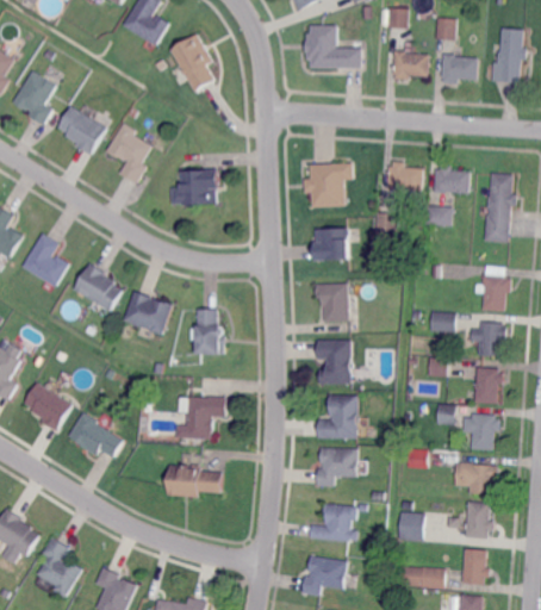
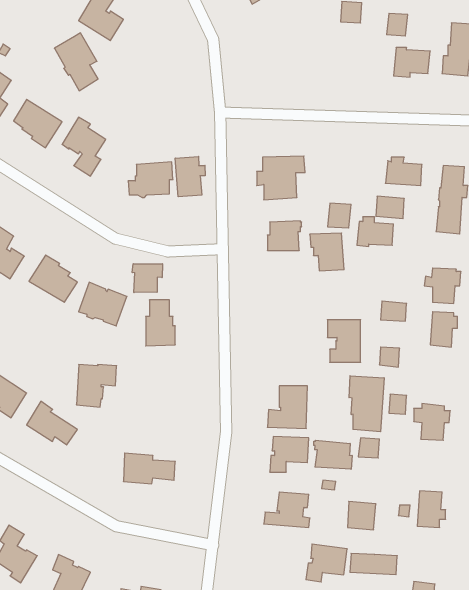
building: [303,25,359,69] -> none
building: [168,33,212,92] -> [54,33,98,91]
building: [393,50,430,79] -> none
building: [387,161,424,191] -> [357,217,393,246]
building: none -> [175,156,205,197]
building: none -> [132,264,162,293]
building: [312,284,347,322] -> [310,233,344,271]
building: [317,341,350,384] -> [327,320,361,362]
building: [474,367,503,403] -> none
building: none -> [349,376,384,432]
building: [186,397,226,440] -> [76,365,117,407]
building: none -> [314,440,352,469]
building: [455,461,493,494] -> none
building: [462,548,491,585] -> none
building: [304,555,346,593] -> [306,544,347,582]

